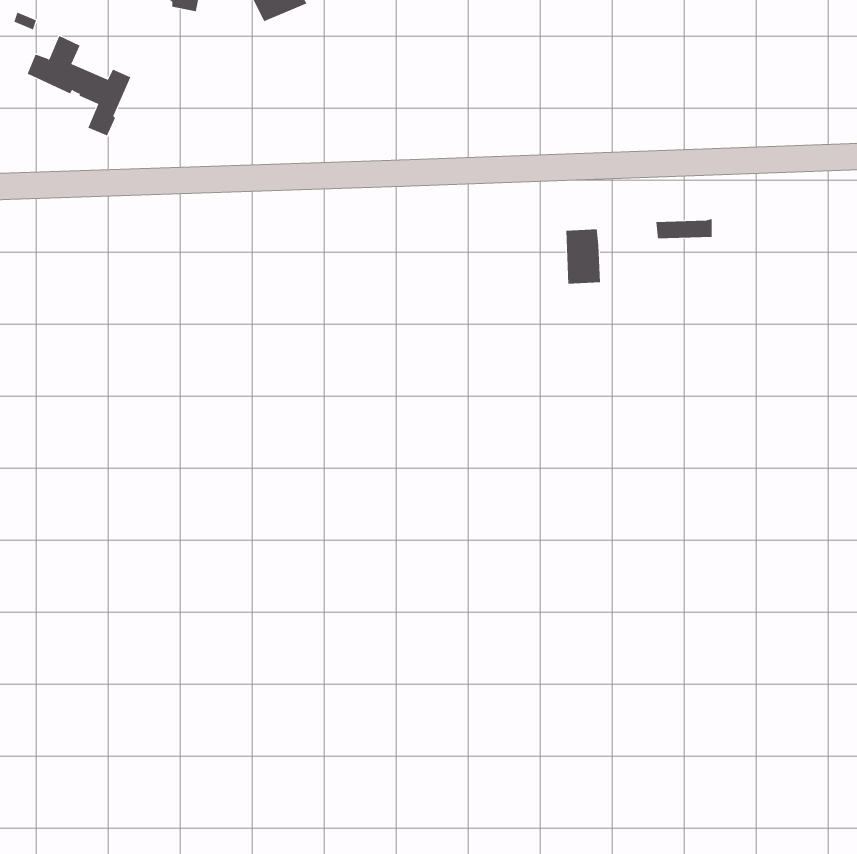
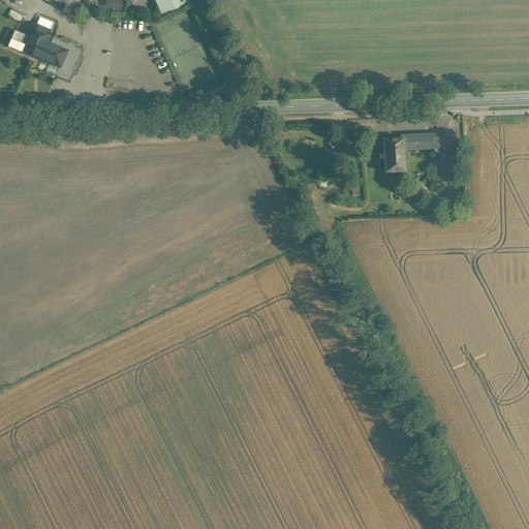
building: [566,229,601,284] -> [384,136,406,170]

